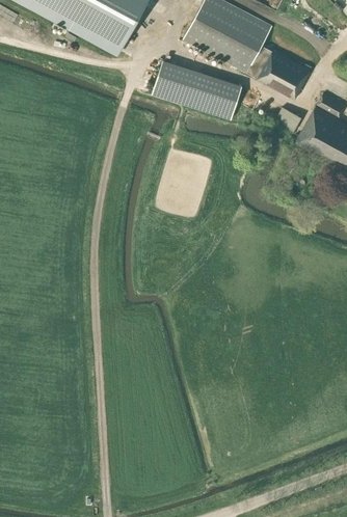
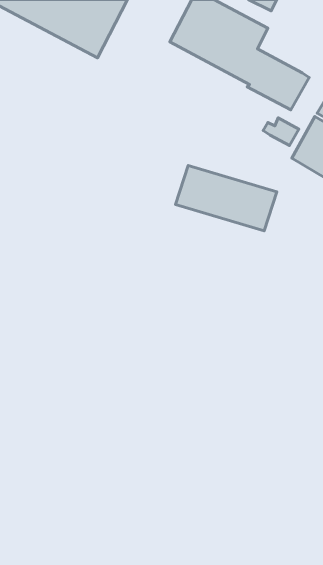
building: [146,59,238,118] -> [176,165,277,231]

